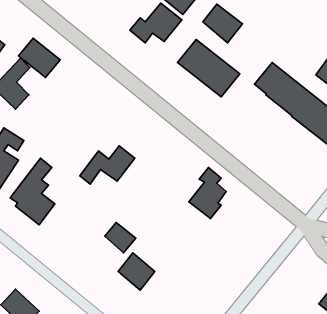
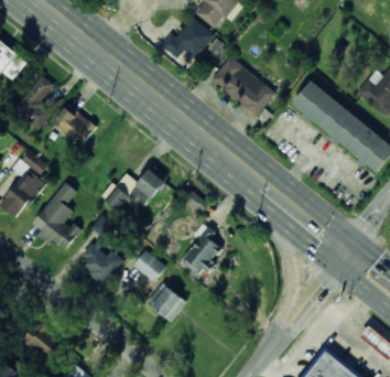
building: [203,4,243,43] -> none
building: [19,38,60,78] -> [53,104,97,146]
building: [189,168,226,219] -> [182,223,221,277]
building: none -> [77,246,117,284]

